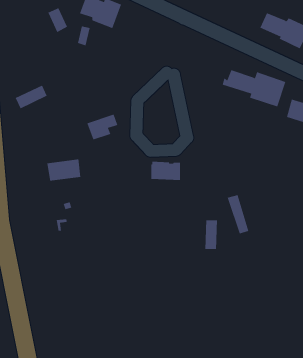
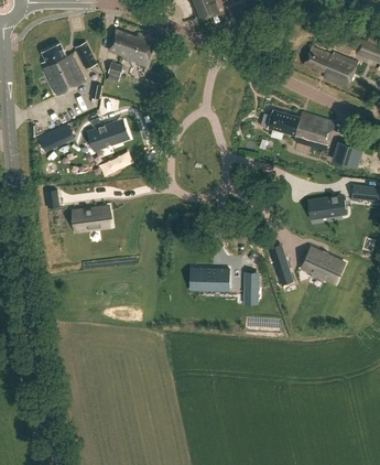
building: none -> [43,44,86,95]
building: [87,114,118,140] -> [88,121,122,150]
building: none -> [317,196,346,217]
building: [150,161,181,180] -> [196,267,229,288]
building: none -> [302,247,346,283]

